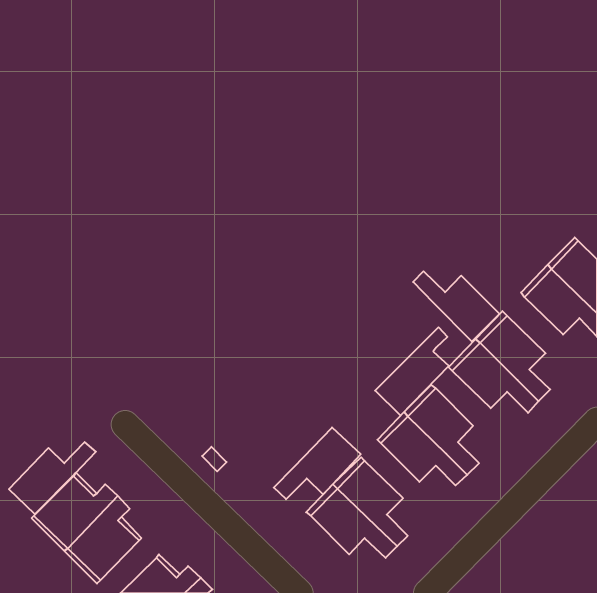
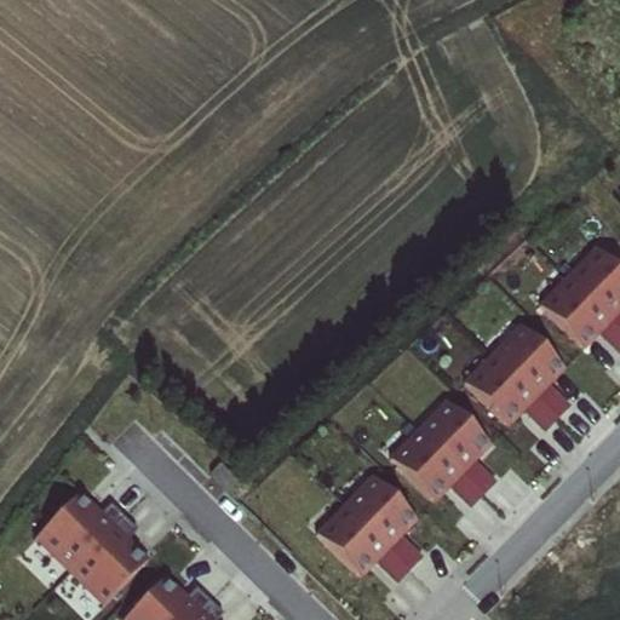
building: [413,271,500,341] -> none
building: [375,327,449,416] -> none
building: [274,427,361,499] -> none
building: [9,442,96,514] -> none

